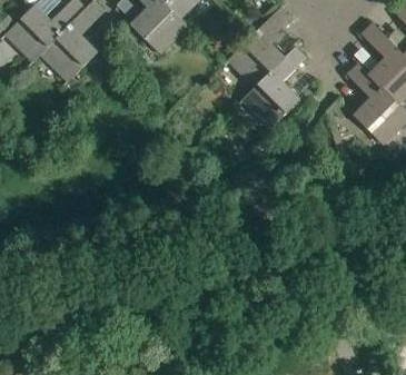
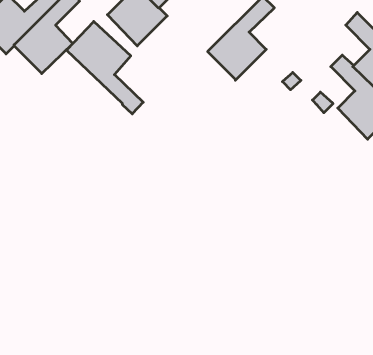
building: none -> [67,21,143,114]
building: [242,47,306,128] -> none

